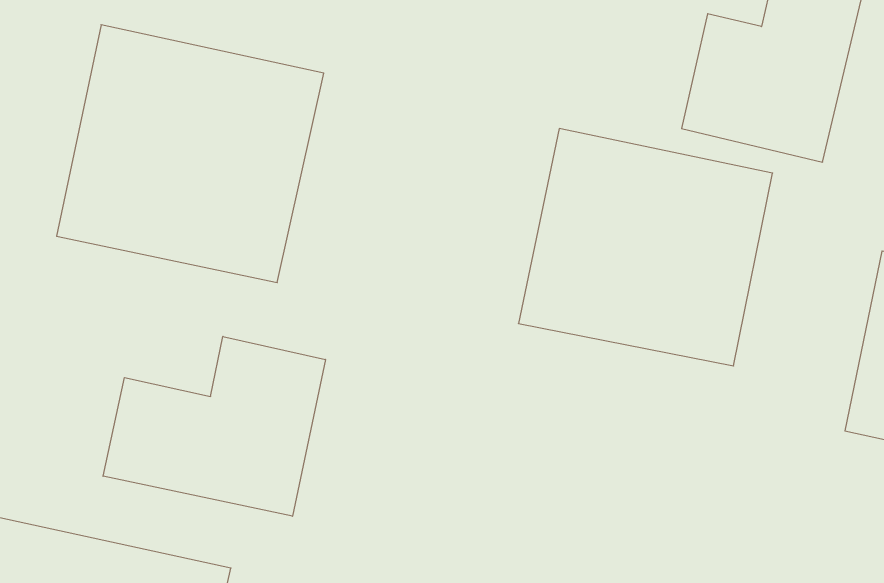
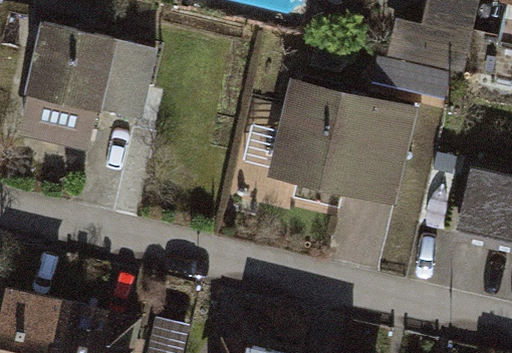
building: [103,336,325,516] -> none

